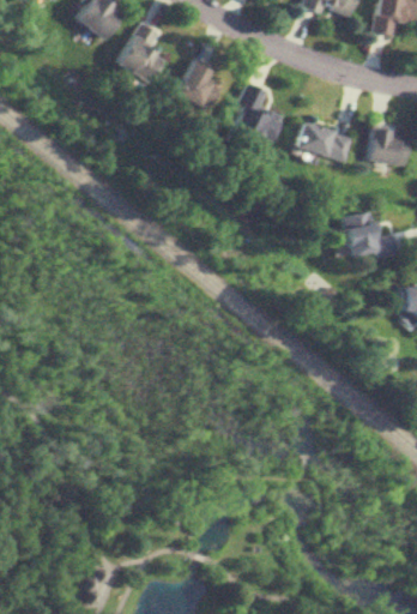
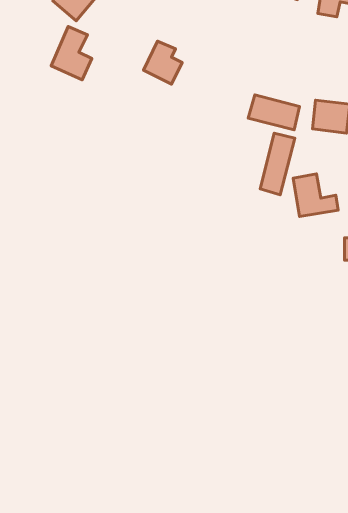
building: [121,22,167,82] -> [51,26,92,80]
building: [231,84,284,148] -> none
building: none -> [260,133,295,195]

